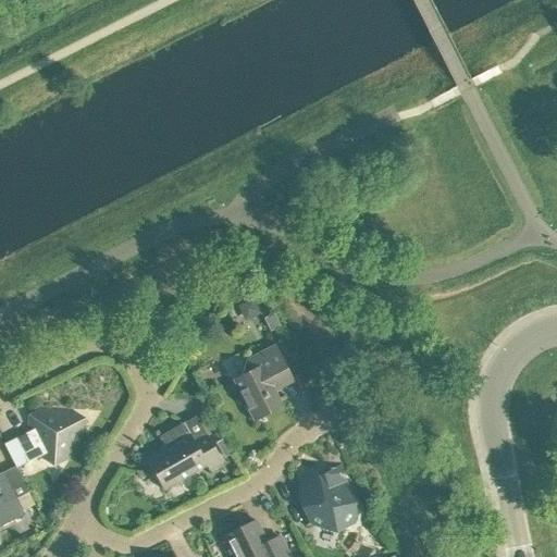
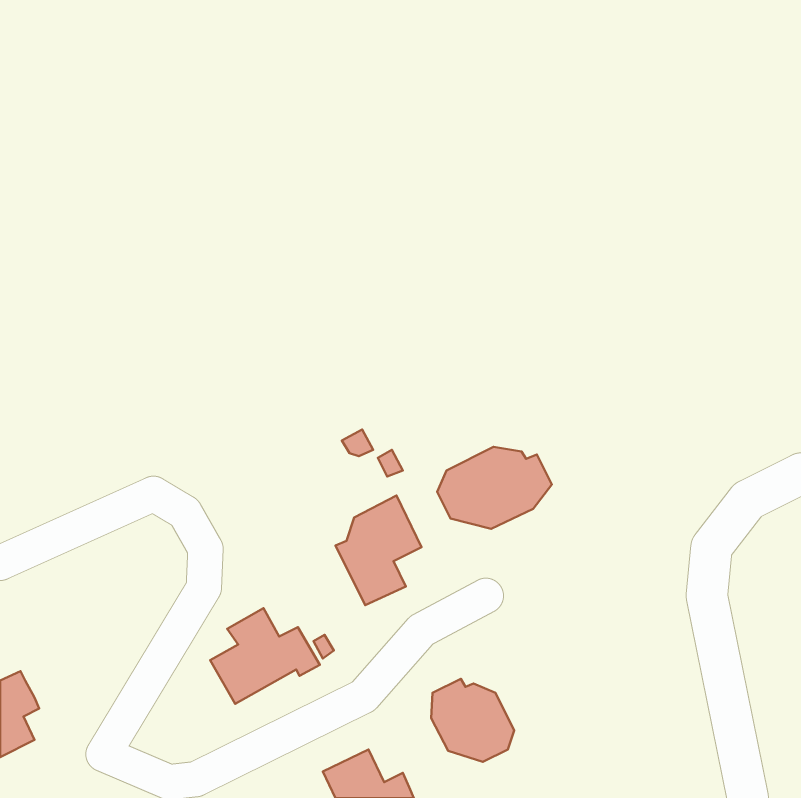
building: none -> [437,447,552,529]
building: [15,407,83,462] -> none

